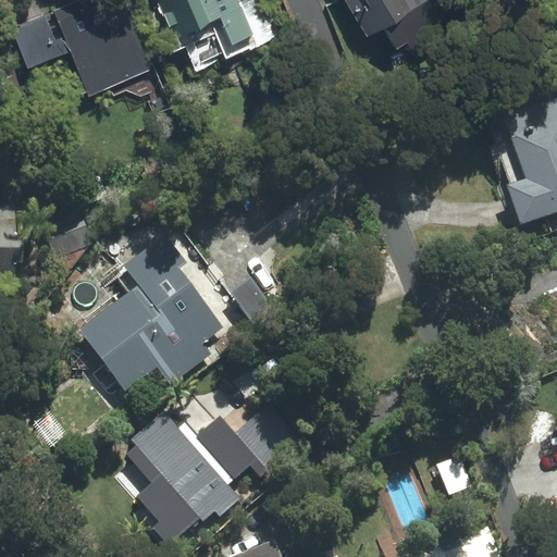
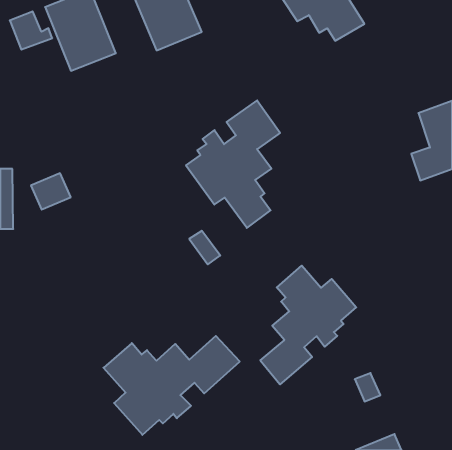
building: none -> [186,100,280,228]
building: [82,242,216,387] -> none
building: none -> [260,266,356,384]

